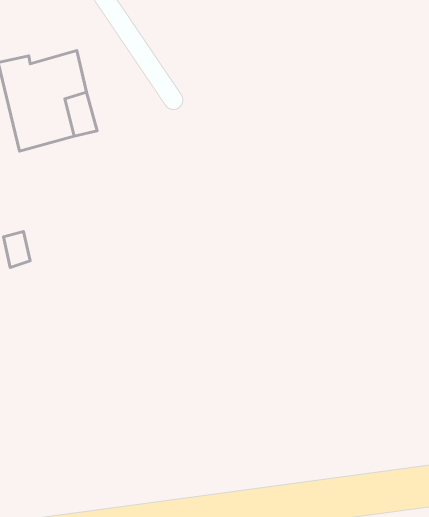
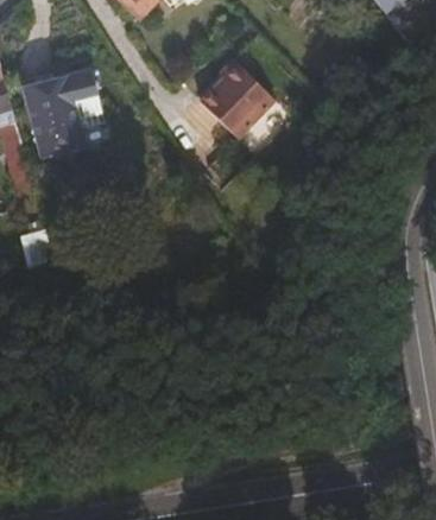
building: none -> [206,53,282,134]

